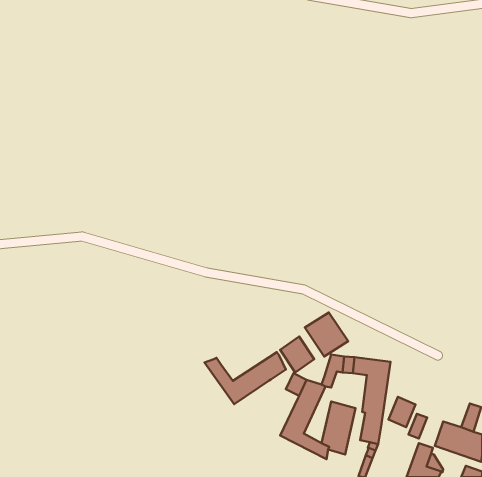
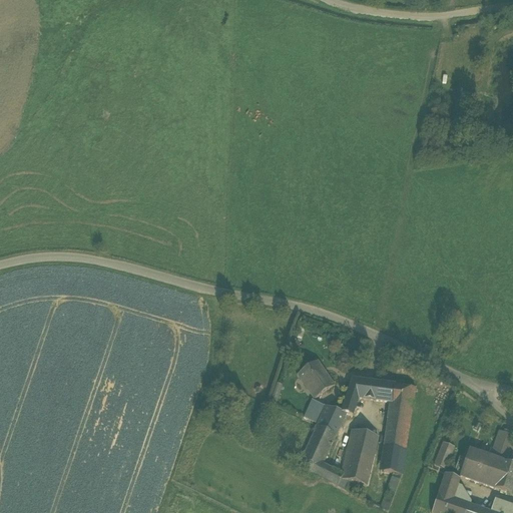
building: [305,312,348,356] -> none
building: [205,352,286,404] -> none
building: [388,397,415,427] -> none

